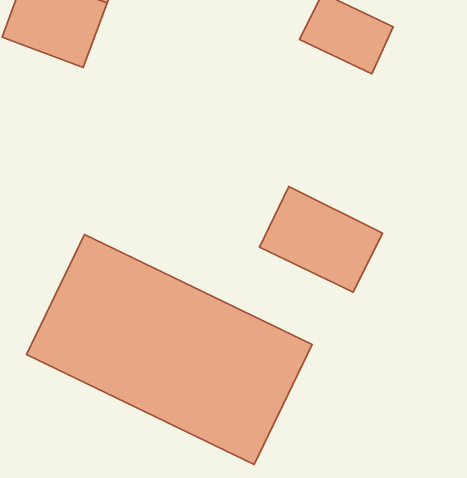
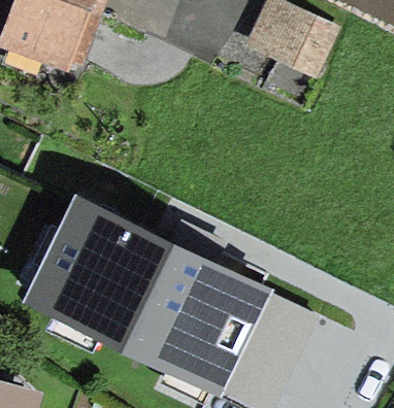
building: [259,186,383,292] -> none

